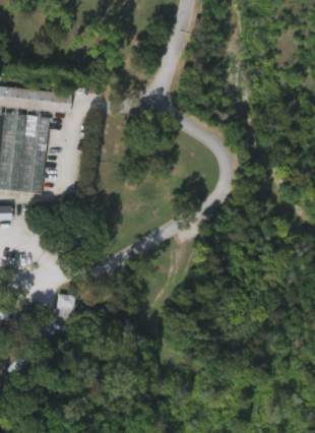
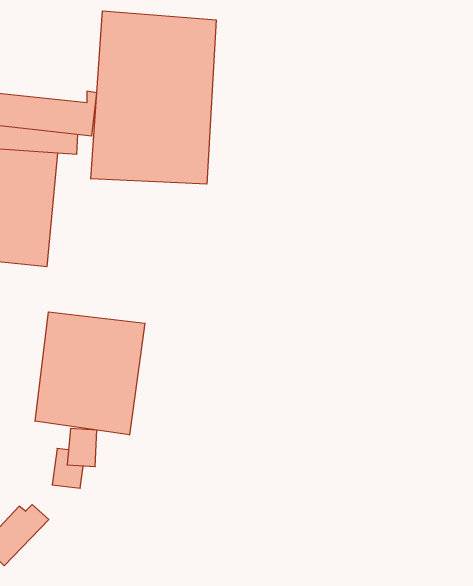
building: none -> [91,11,216,184]
building: none -> [35,312,145,435]

